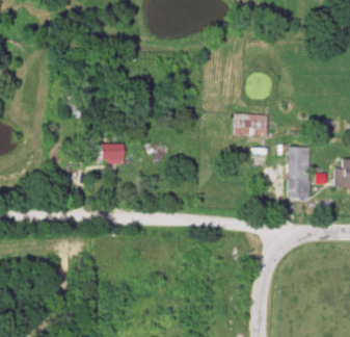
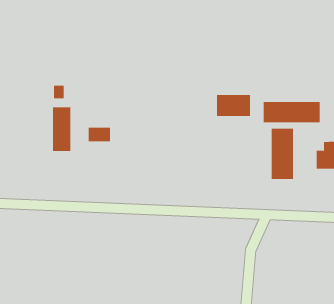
building: none -> [263,101,320,123]
building: none -> [52,107,71,152]

